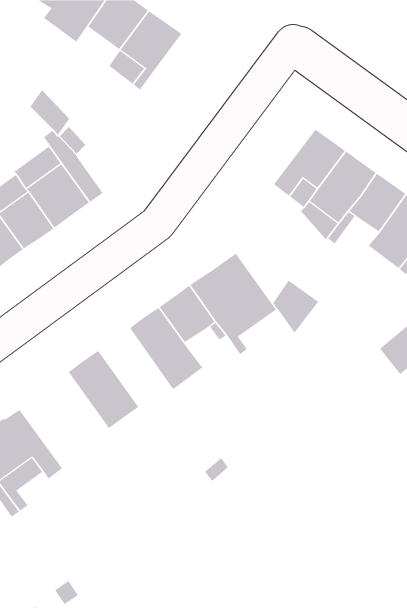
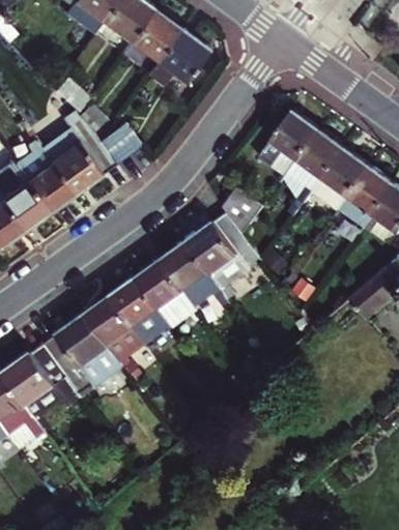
building: none -> [146,30,210,87]
building: none -> [99,122,142,164]
building: [272,280,319,334] -> [221,186,260,232]
building: none -> [111,277,171,344]
building: none -> [45,315,121,395]

